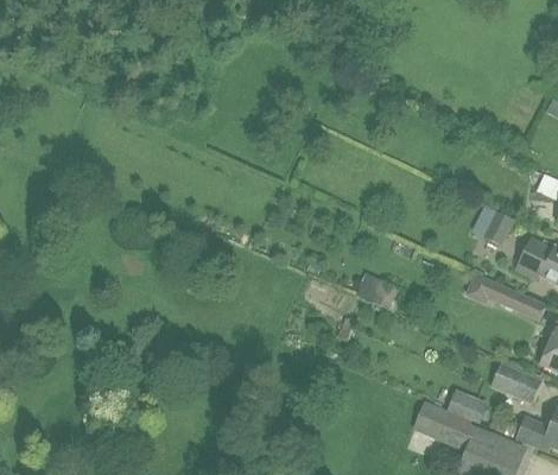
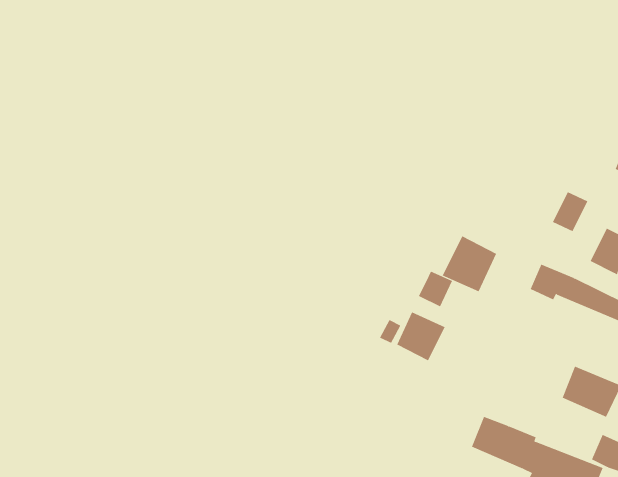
building: none -> [442,235,497,292]
building: none -> [396,311,446,361]
building: [445,388,486,422] -> none

